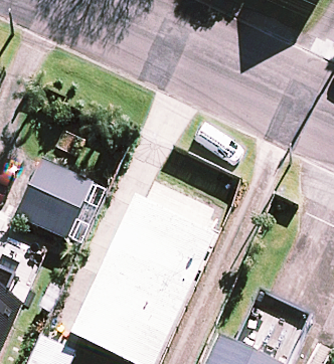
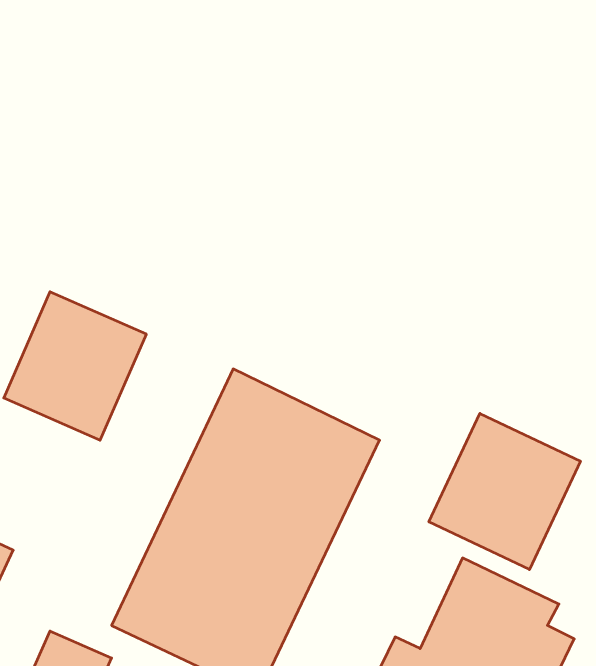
building: none -> [429,413,580,570]

